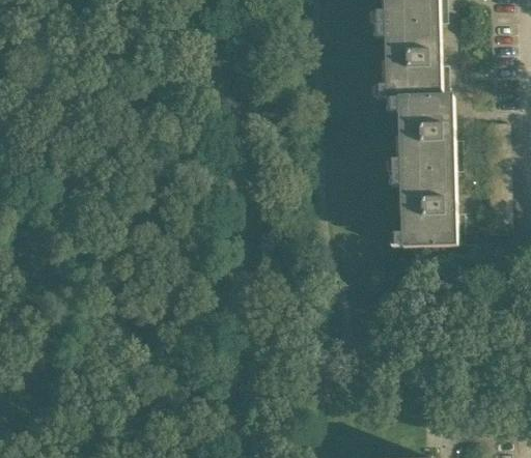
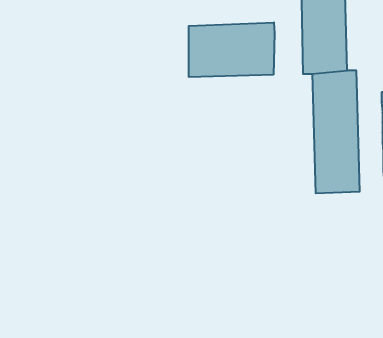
building: none -> [189,22,274,77]

